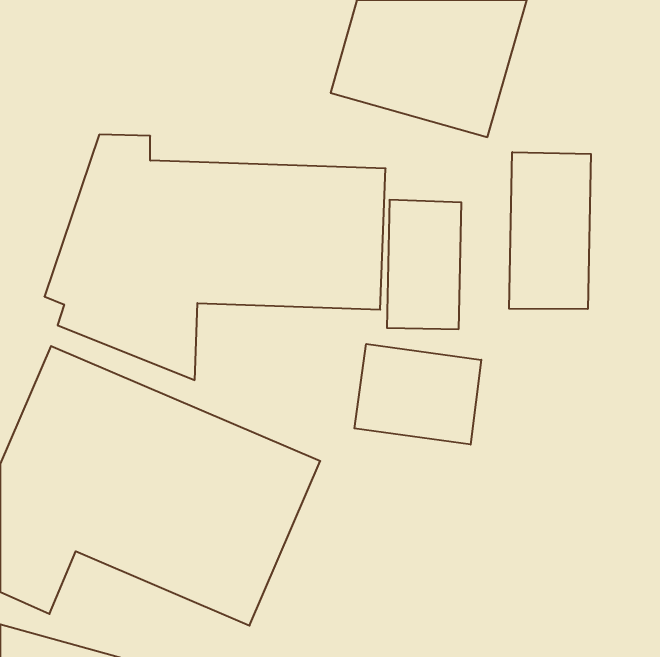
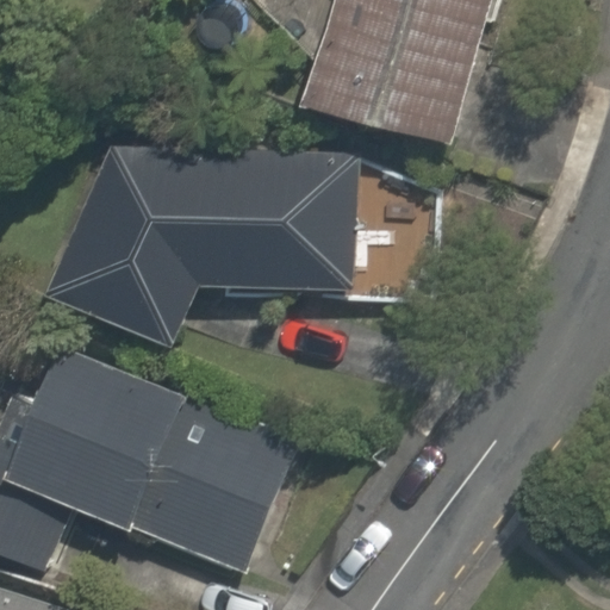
building: [509,152,591,309] -> none
building: [354,344,481,445] -> none

